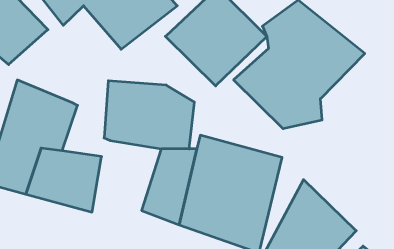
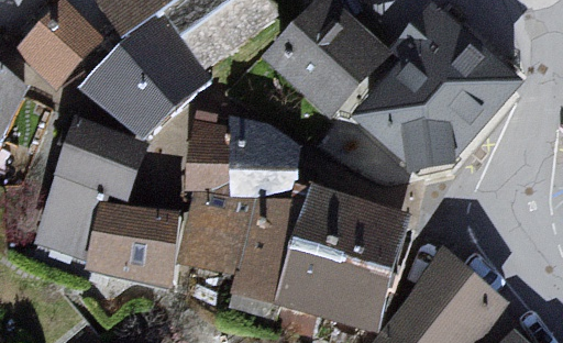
building: none -> [77,19,210,144]
building: none -> [170,192,256,283]

